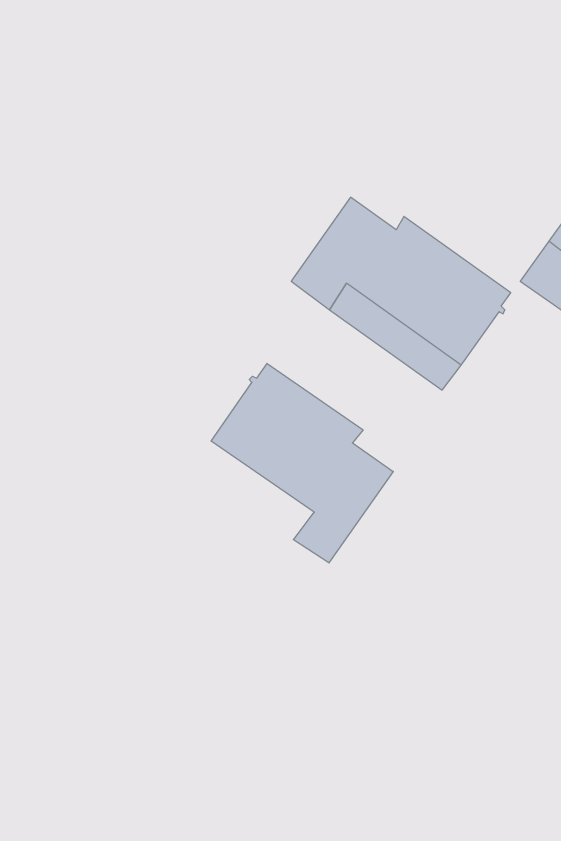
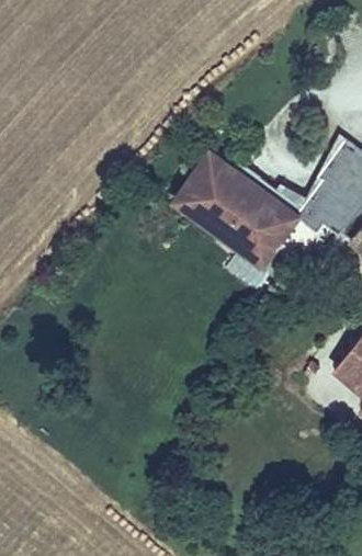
building: [211,363,393,563] -> none

